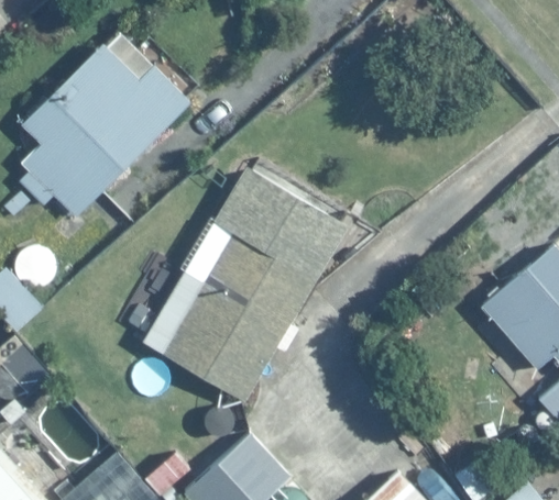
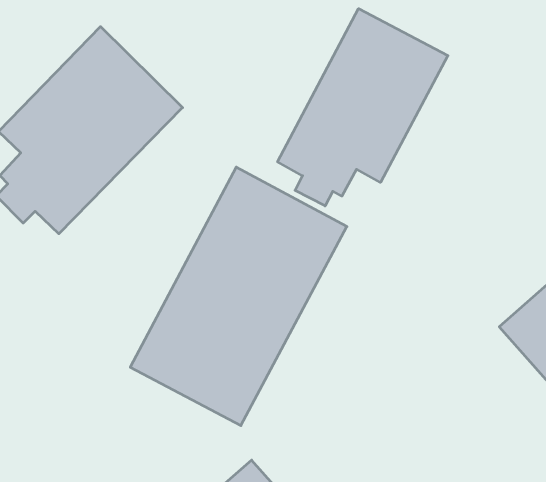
building: none -> [278,9,448,206]

